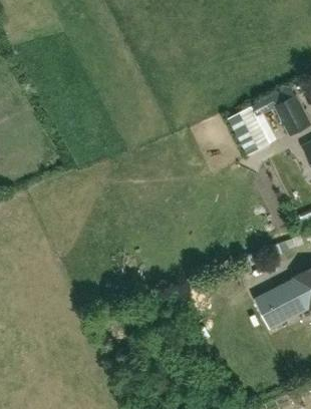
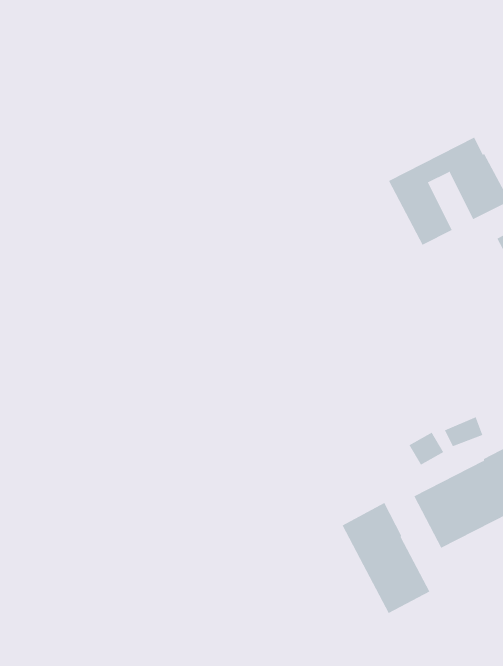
building: none -> [342,502,430,614]

